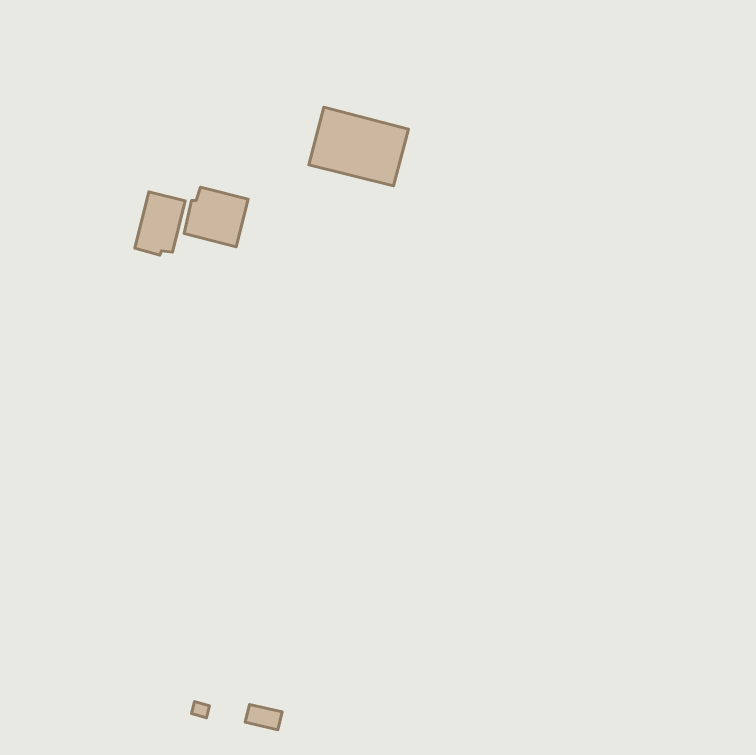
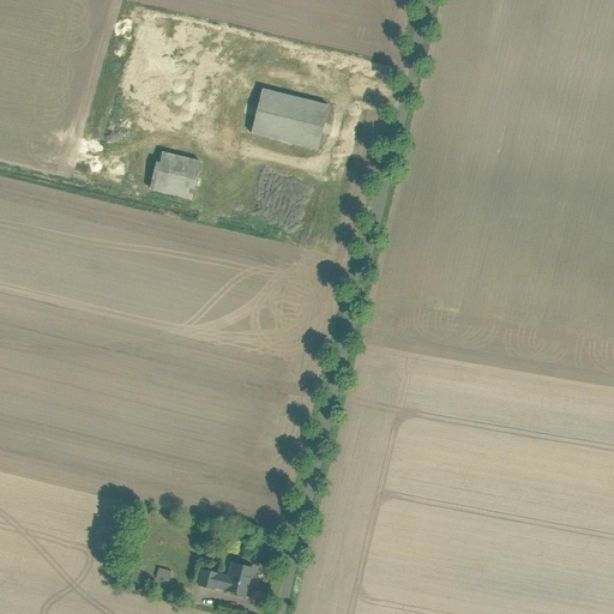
building: [135,192,185,255] -> none
building: none -> [224,561,253,595]

